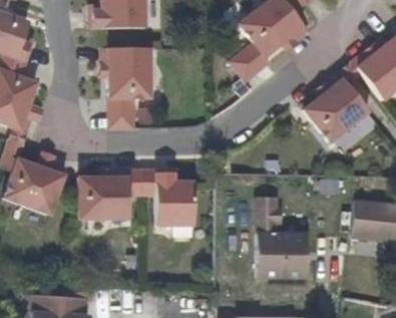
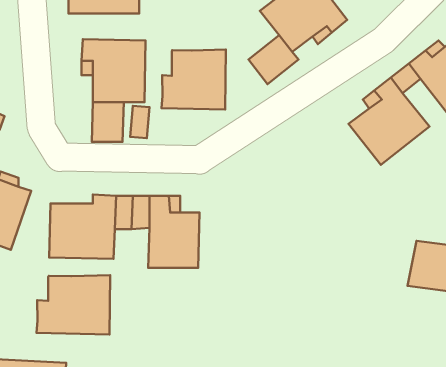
building: none -> [162,49,226,110]
building: [253,197,305,277] -> none
building: none -> [36,275,110,335]

